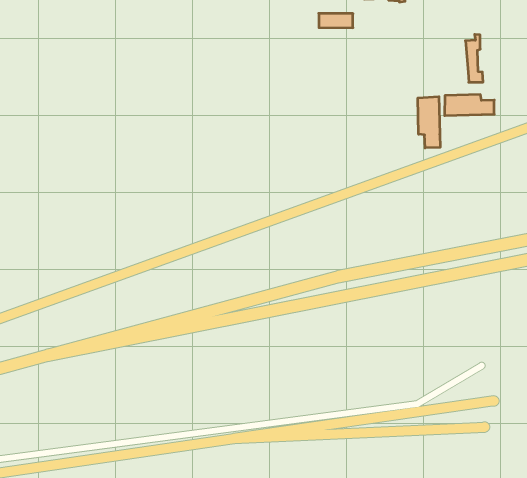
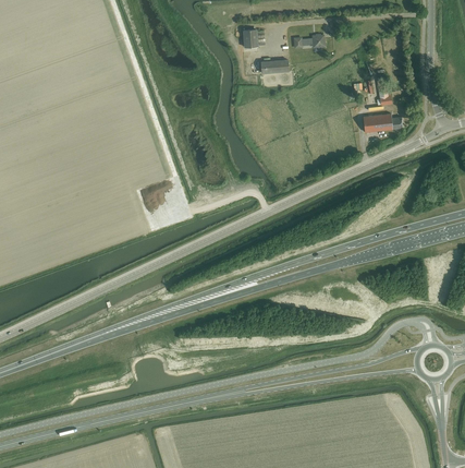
building: [418,97,440,148] -> none

